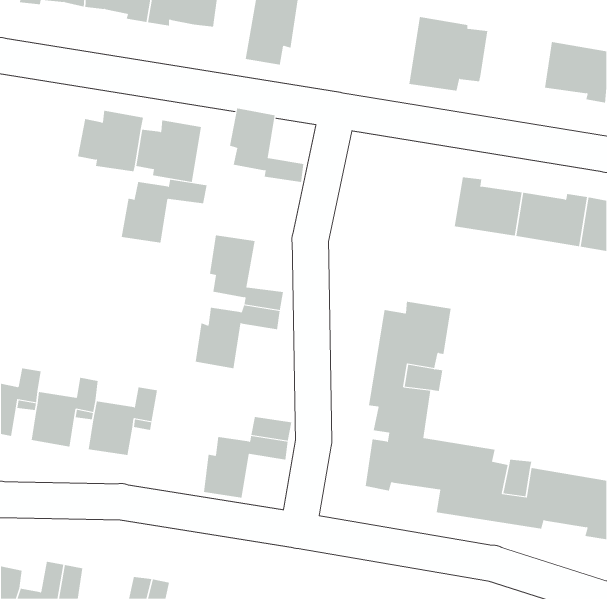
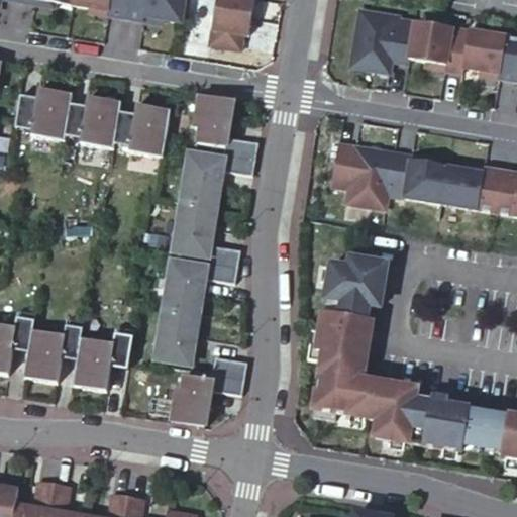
building: none -> [409,26,469,80]
building: none -> [16,86,73,138]
building: none -> [329,141,393,207]
building: [121,179,207,243] -> [183,150,256,205]
building: none -> [160,308,199,360]

